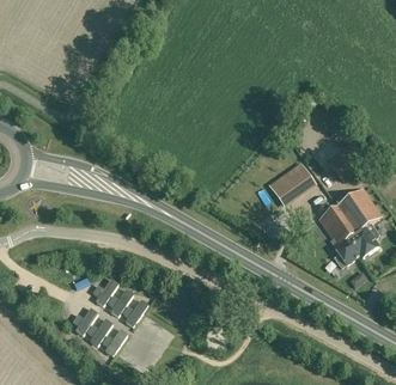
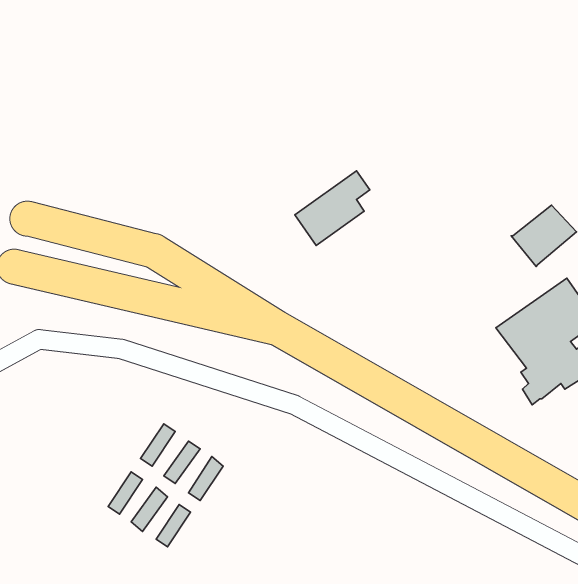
building: [270,157,317,203] -> [295,171,370,246]

